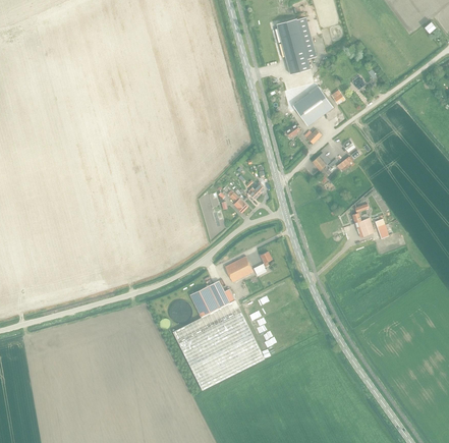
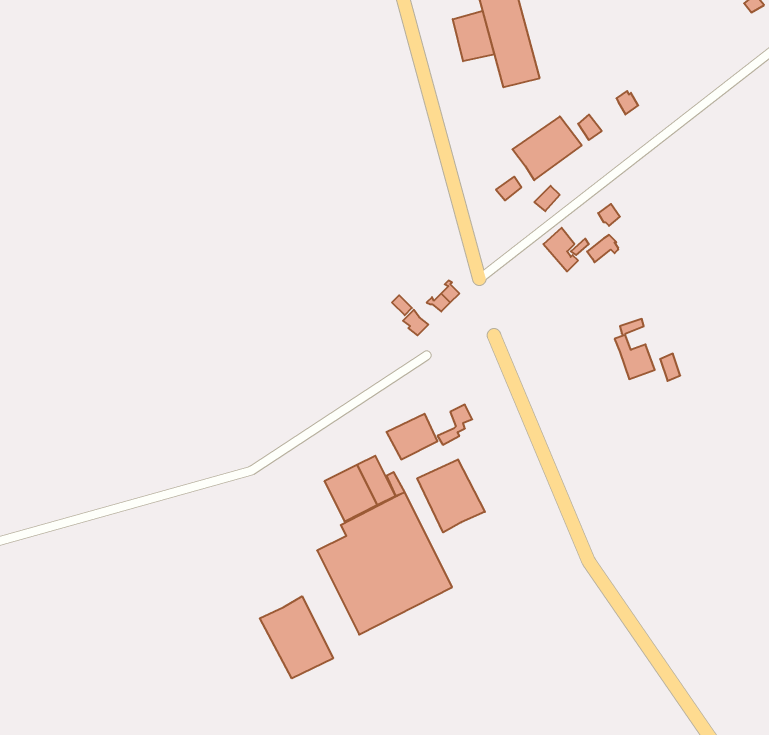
building: none -> [453,11,494,61]
building: none -> [417,459,485,532]
building: none -> [260,596,333,678]

